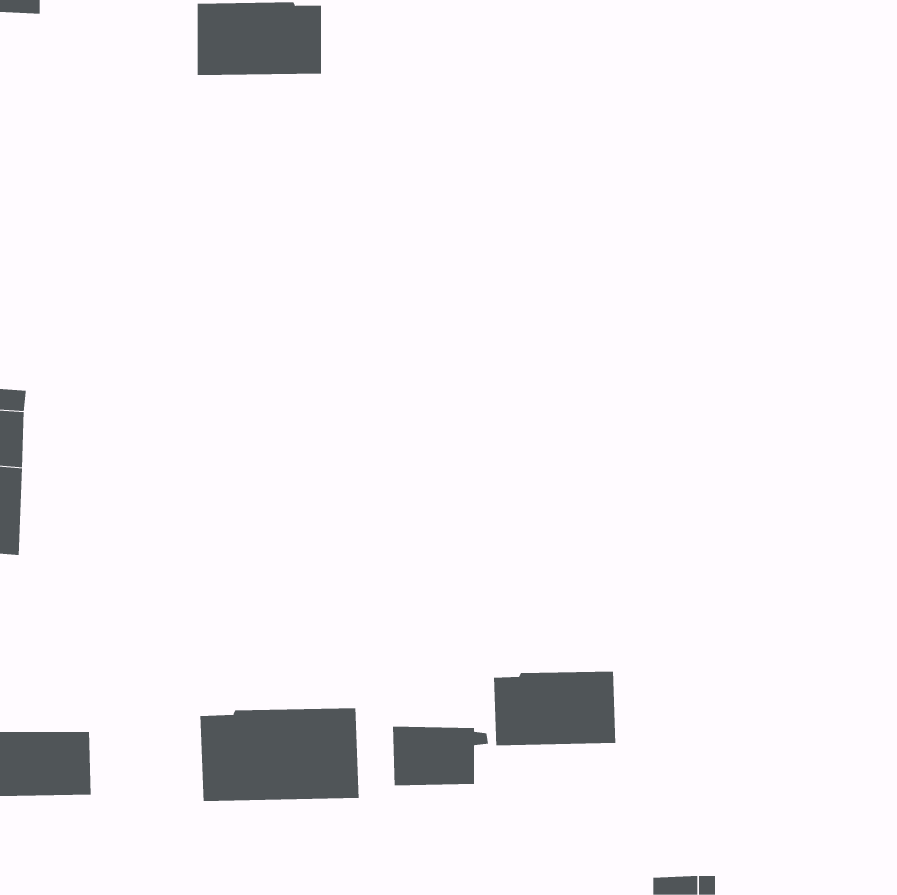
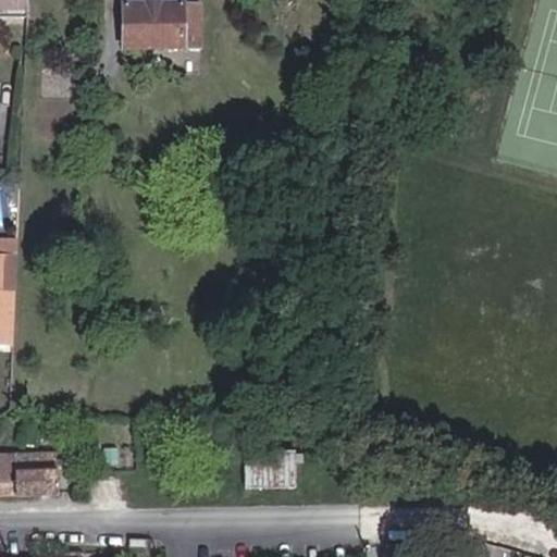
building: [493,671,616,746] -> none
building: [200,708,359,802] -> none

